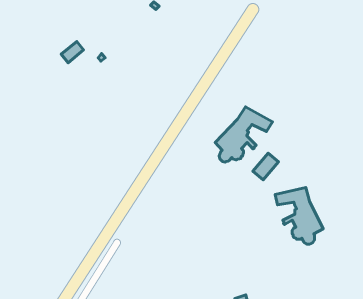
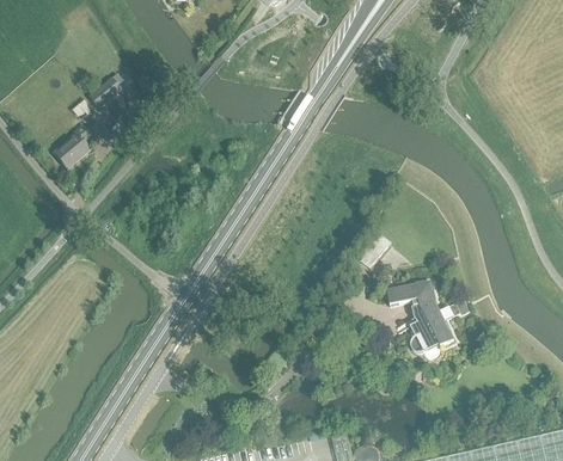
building: none -> [54,125,91,168]
building: [215,107,272,162] -> none

